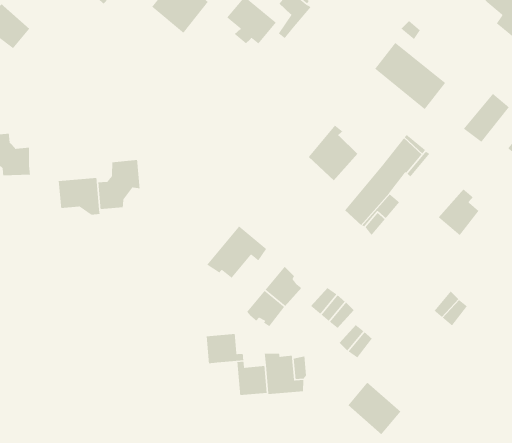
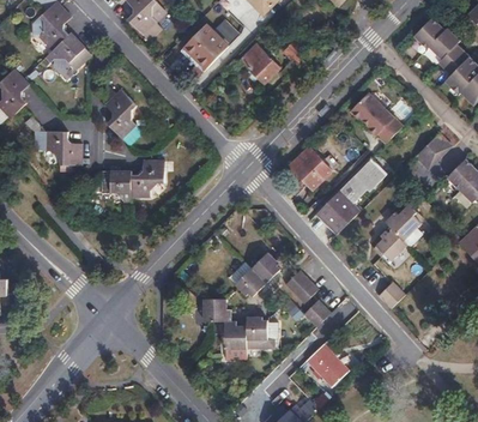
building: none -> [104,90,135,139]
building: none -> [373,230,406,261]
building: [206,225,267,279] -> none

